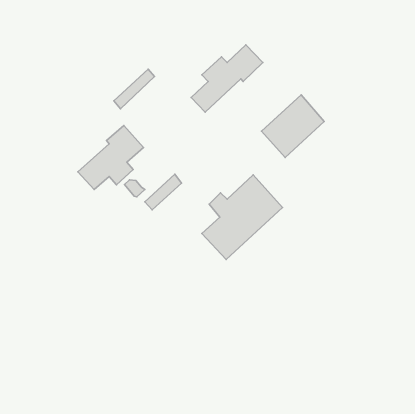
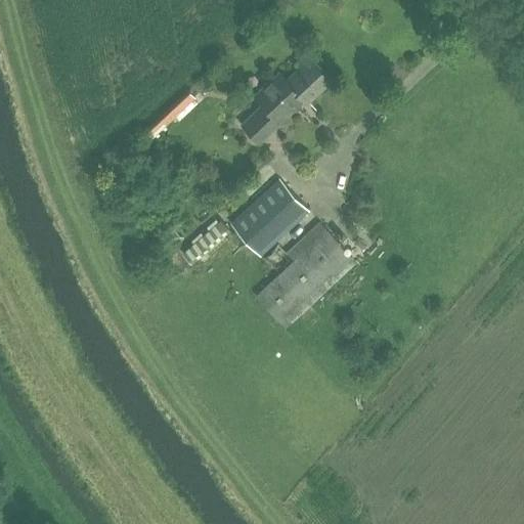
building: [261,95,324,157] -> [229,178,308,257]
building: [78,126,144,190] -> none

